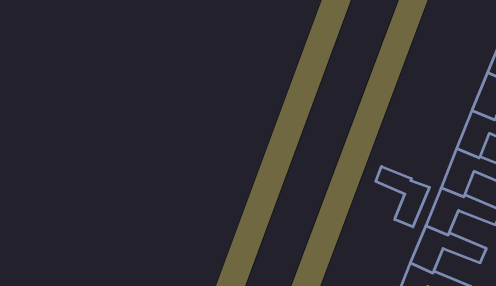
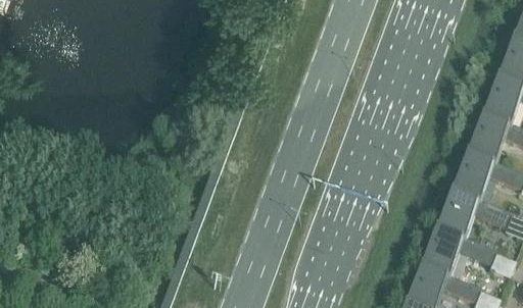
building: [376,166,430,227] -> none

